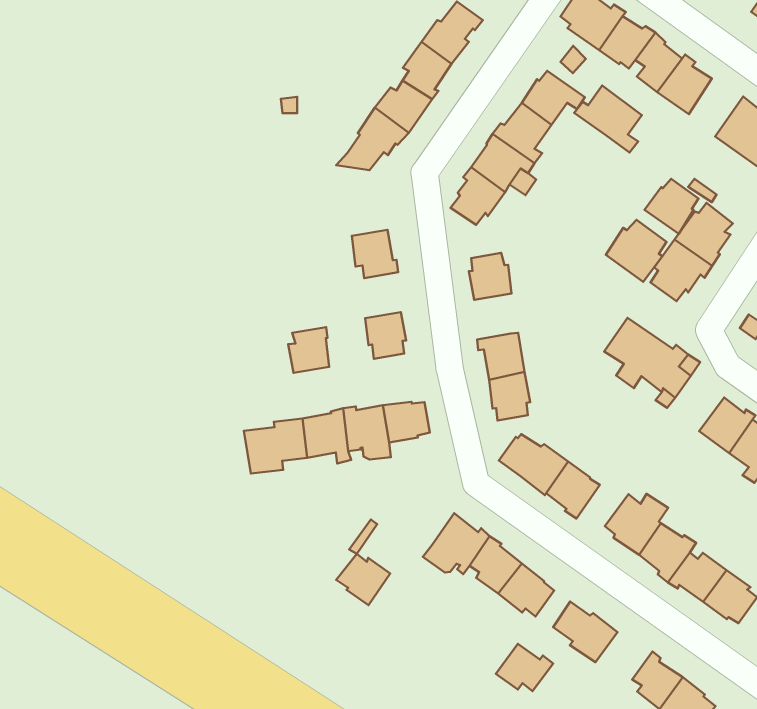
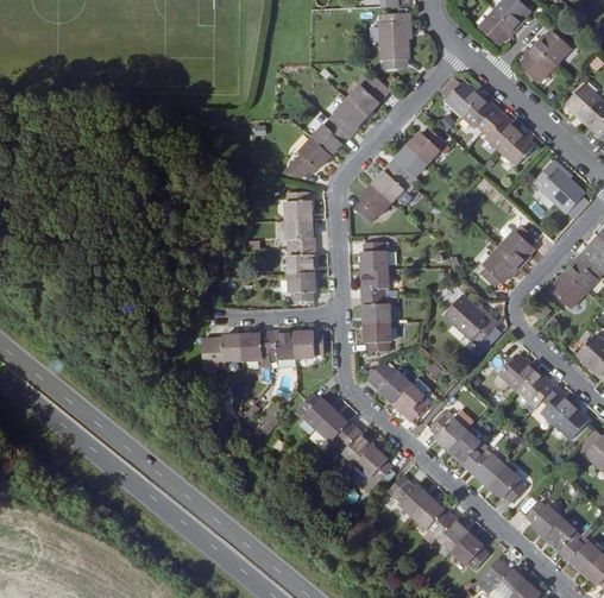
building: [574,86,642,152] -> none
building: [645,179,698,234] -> none
building: none -> [287,191,312,219]
building: [606,220,666,282] -> none
building: none -> [361,269,389,296]
building: [288,327,329,373] -> [289,246,315,273]
building: [336,554,390,605] -> [297,392,333,427]
building: [496,644,553,691] -> [414,498,452,530]

